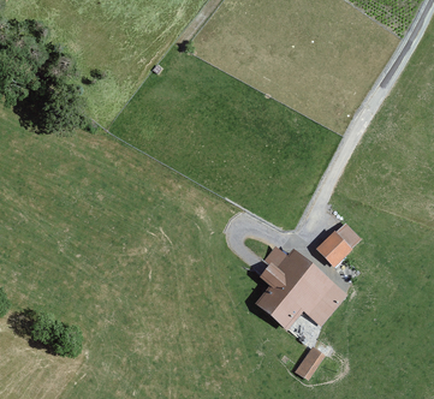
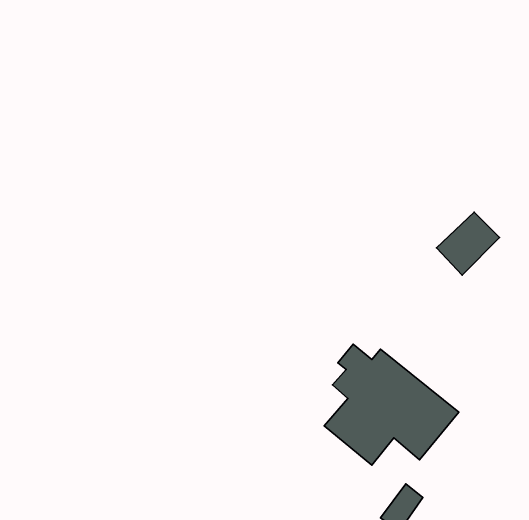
building: [317,222,362,267] -> [437,212,500,275]

